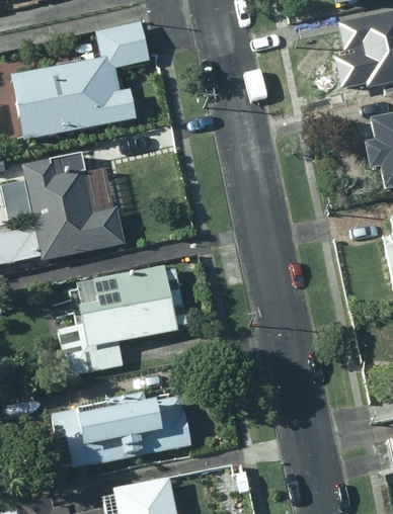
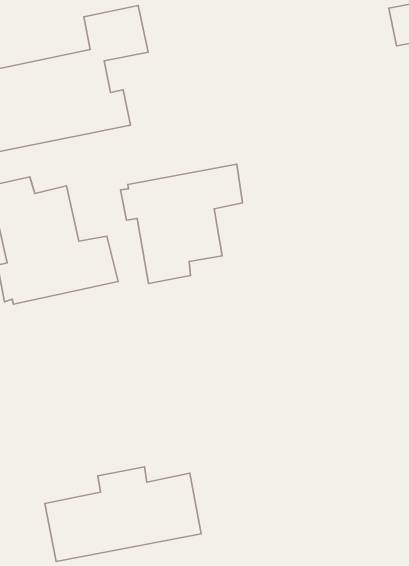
building: none -> [120,164,243,284]
building: [59,267,186,371] -> none

